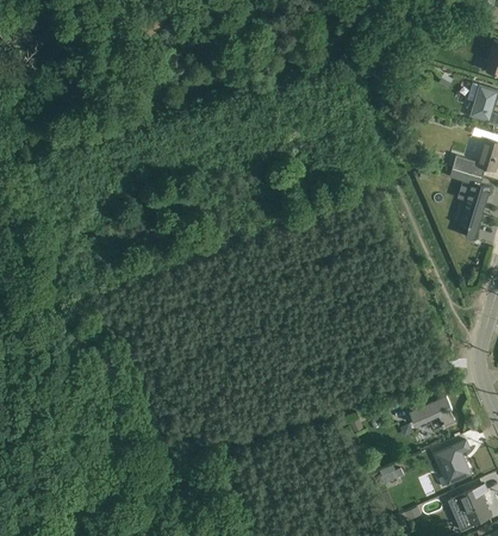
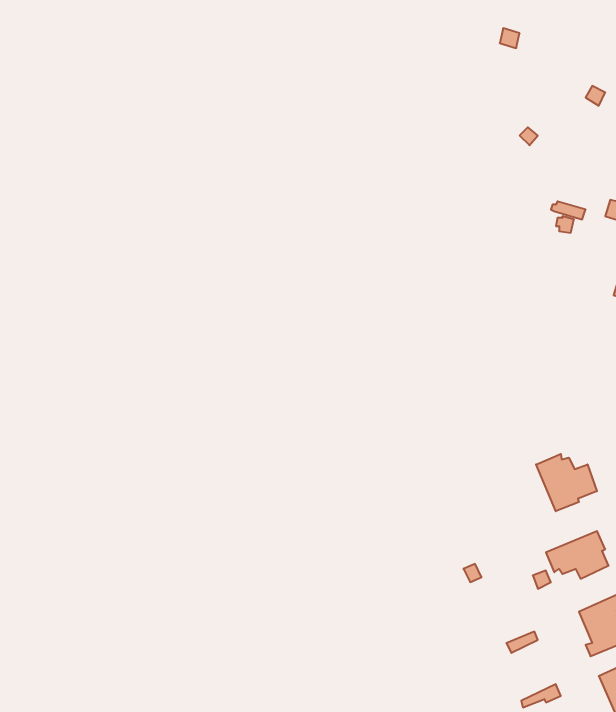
building: none -> [536,454,597,511]

